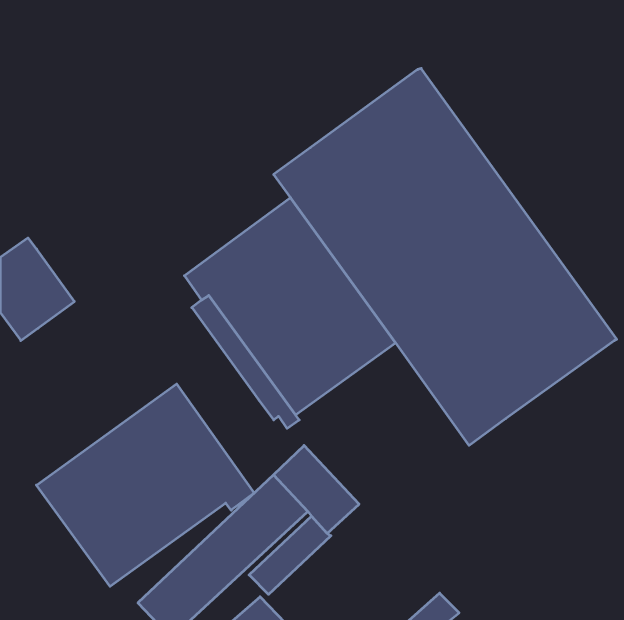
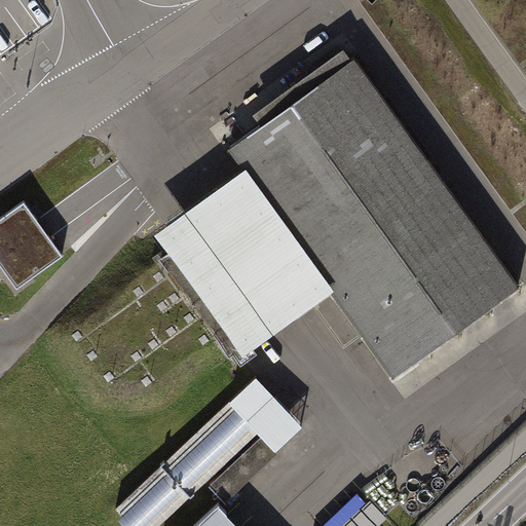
building: [36,384,254,586] -> none

